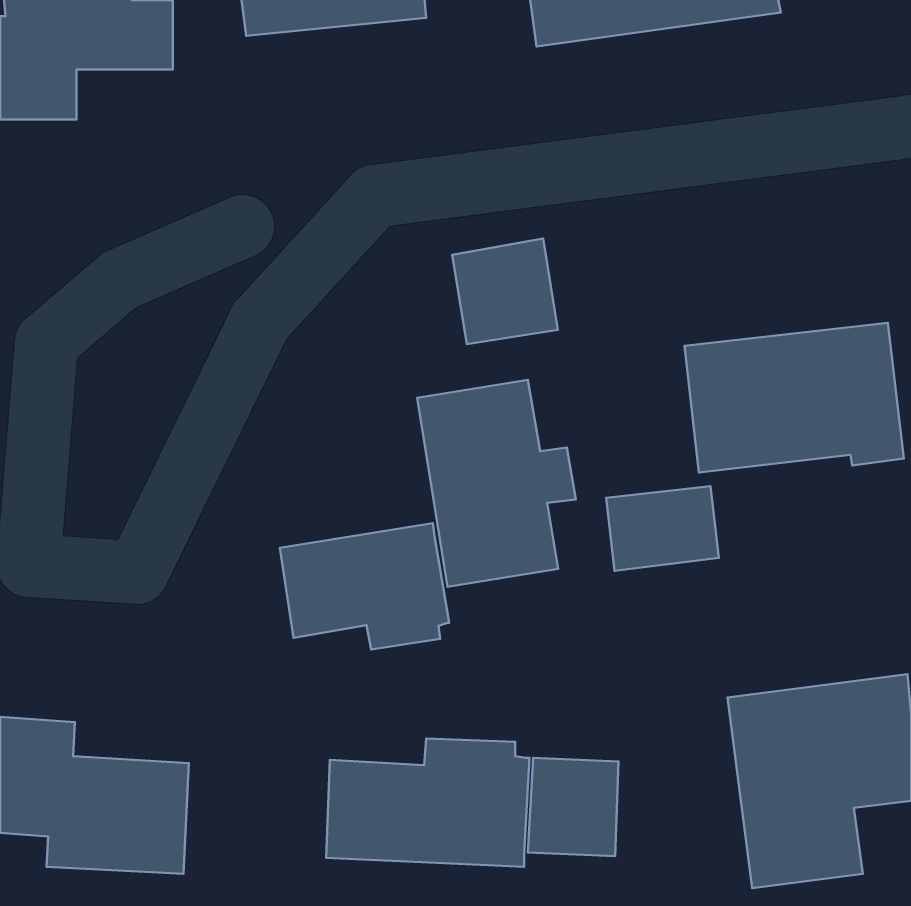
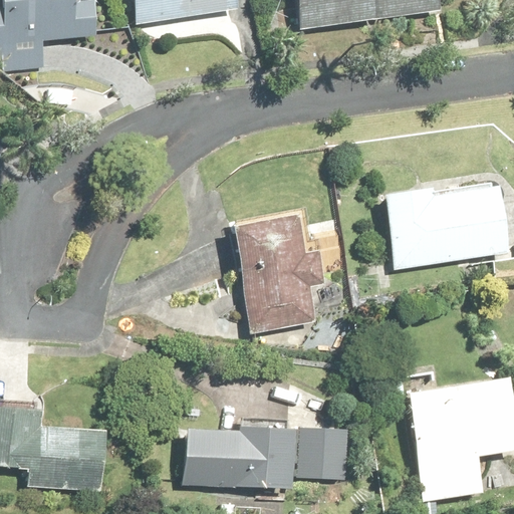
building: [452,238,558,344] -> none
building: [606,486,719,571] -> none
building: [280,523,449,650] -> none

